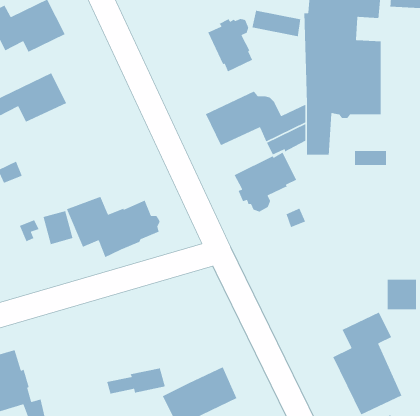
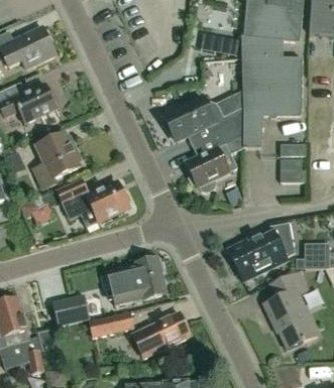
building: [207,18,253,73] -> none
building: none -> [33,131,81,187]
building: none -> [280,158,306,181]
building: none -> [231,222,295,276]
building: none -> [106,258,166,304]
building: none -> [51,292,91,326]

